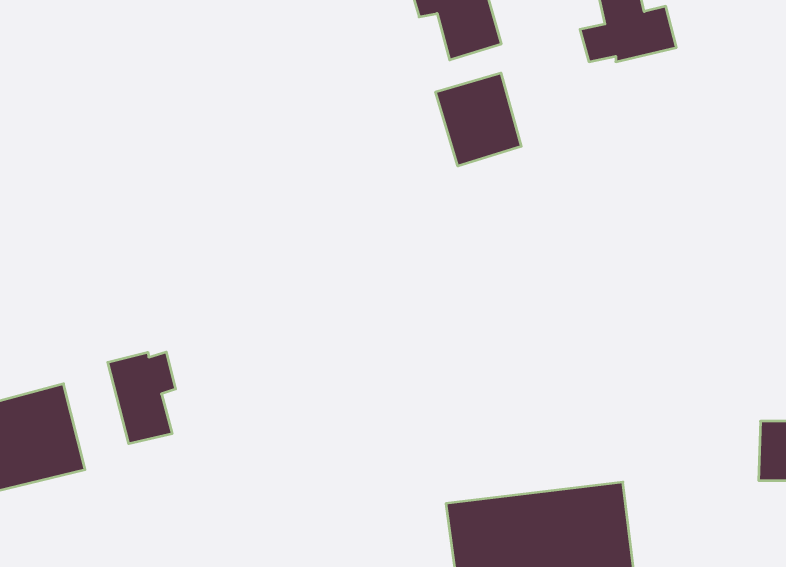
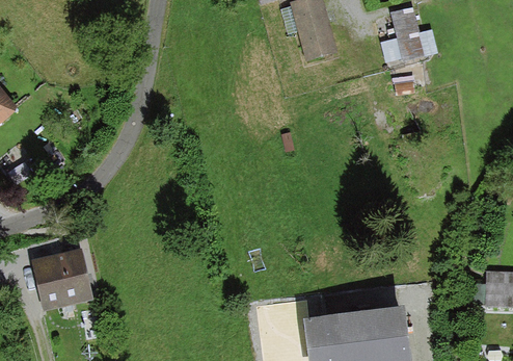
building: [436,73,521,166] -> none
building: [108,352,176,444] -> none

